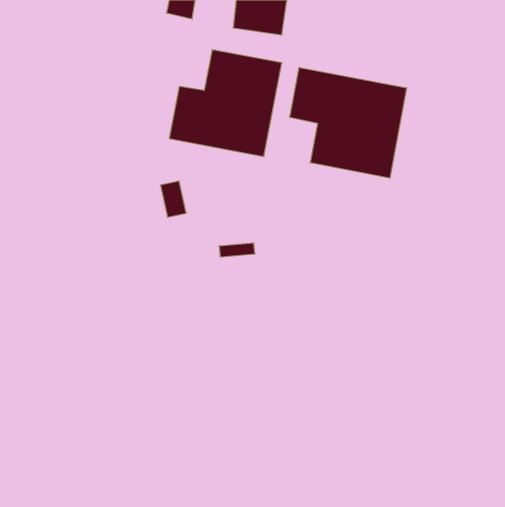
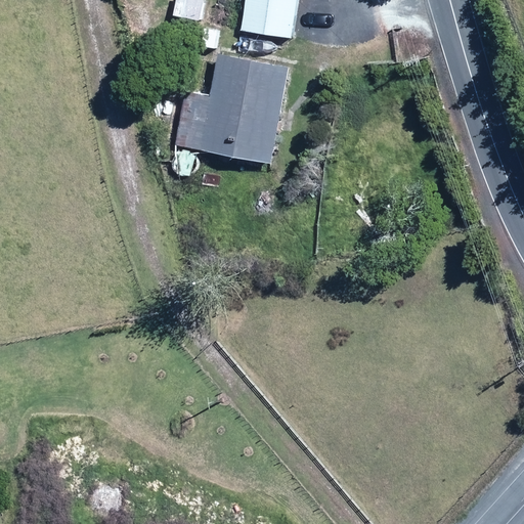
building: [290,67,407,178] -> none

